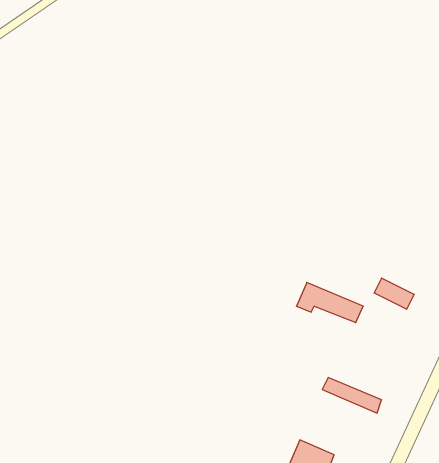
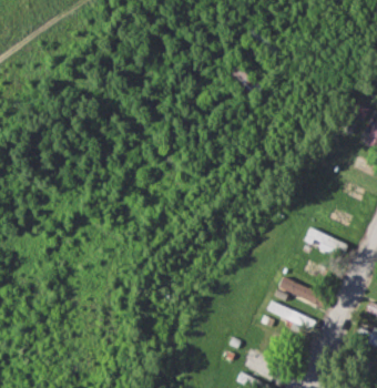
building: [296,282,363,323] -> [275,277,325,307]

